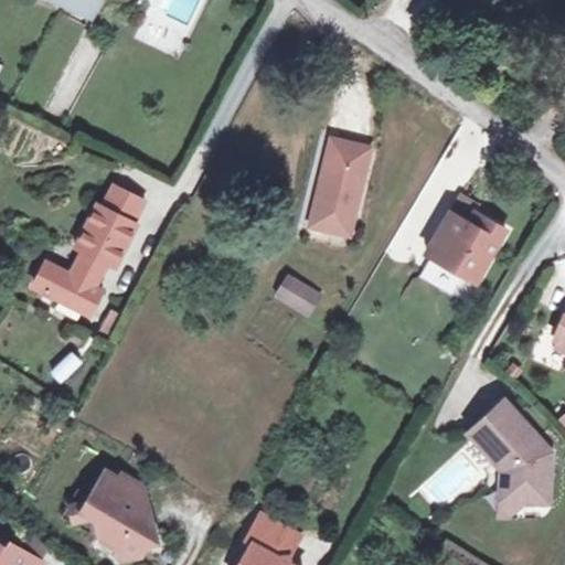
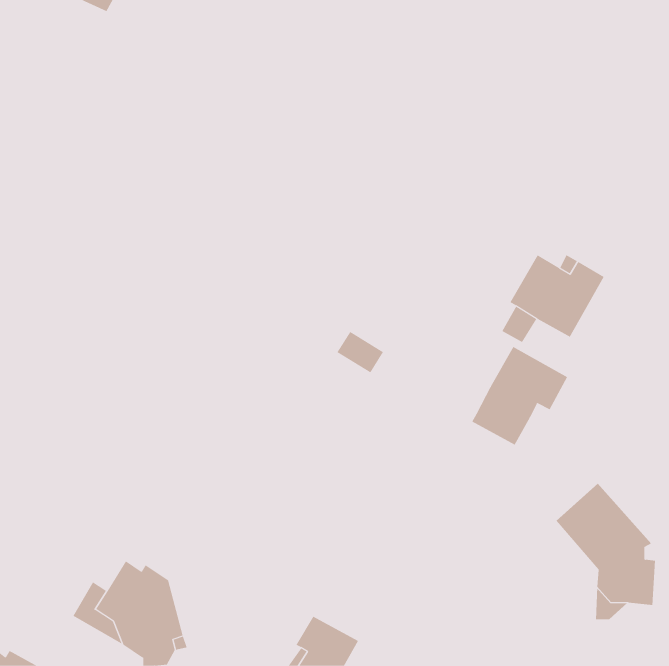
building: [316,141,375,236] -> none
building: [31,184,143,311] -> none
building: none -> [472,346,568,445]

